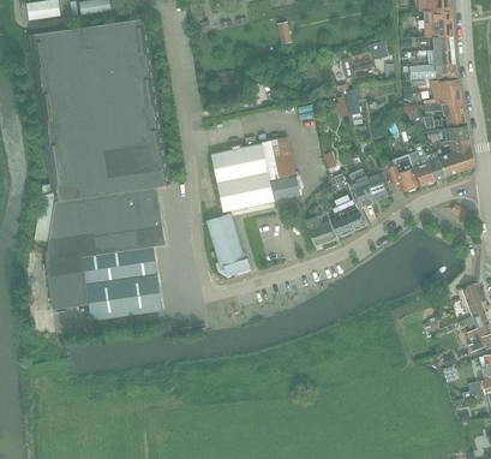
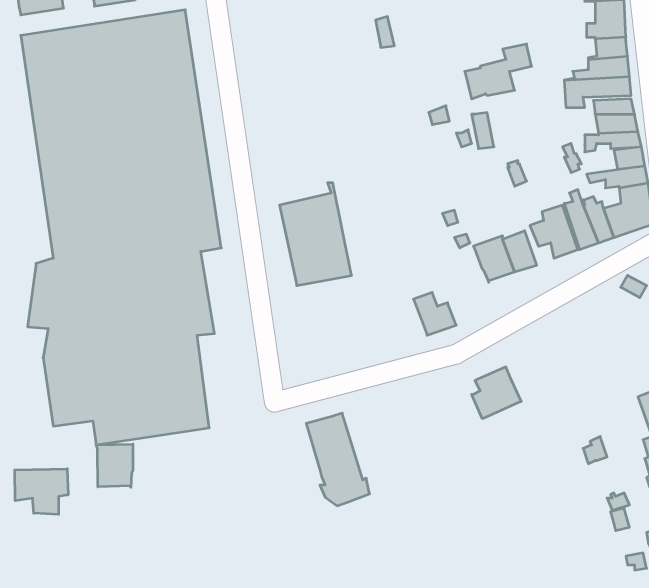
building: [249,136,300,203] -> none
building: [330,199,365,236] -> [472,367,521,418]
building: [205,211,250,276] -> [306,413,370,506]
building: none -> [96,444,133,487]
building: none -> [15,469,68,514]

